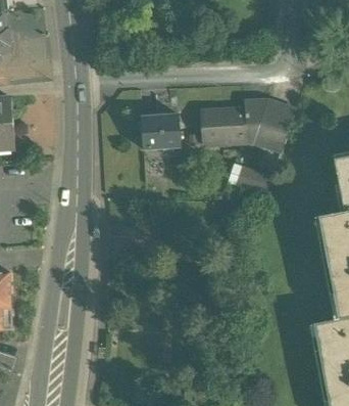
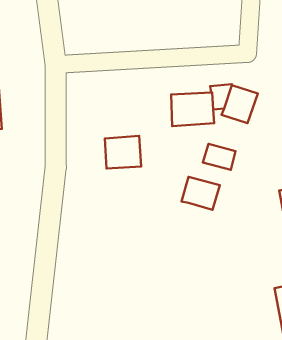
building: [141,114,181,149] -> [105,136,141,168]
building: none -> [181,177,220,210]

